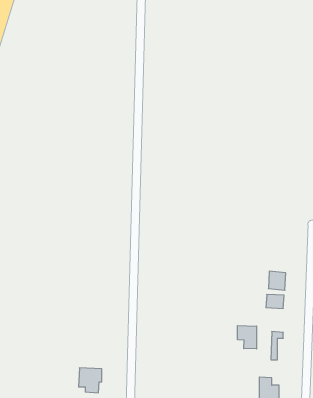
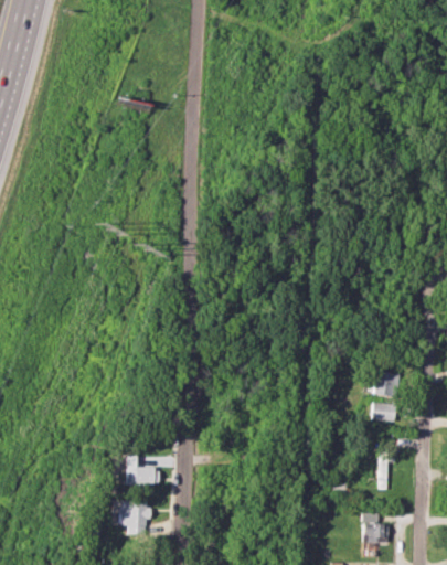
building: [237,326,257,349] -> none
building: none -> [127,456,161,484]

